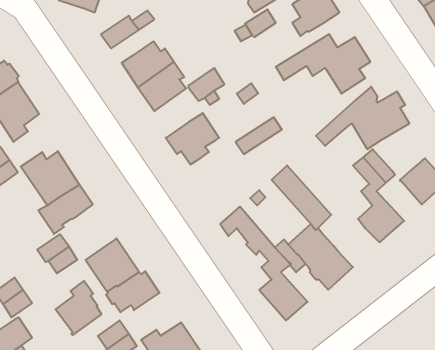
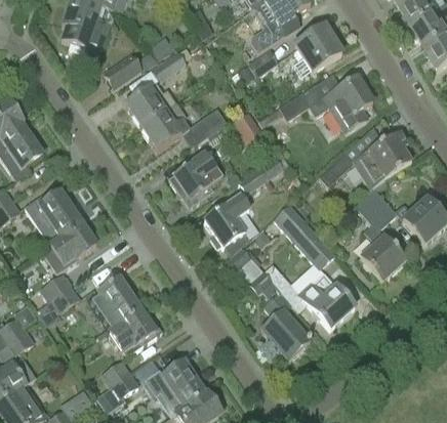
building: none -> [151,48,187,81]
building: none -> [204,195,246,246]
building: [56,281,101,335] -> none

